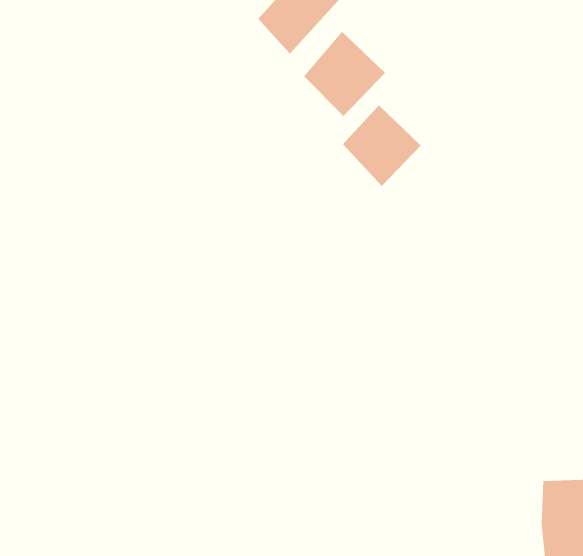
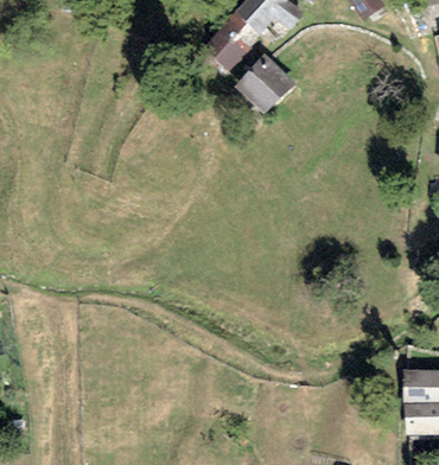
building: [342,104,421,187] -> none

